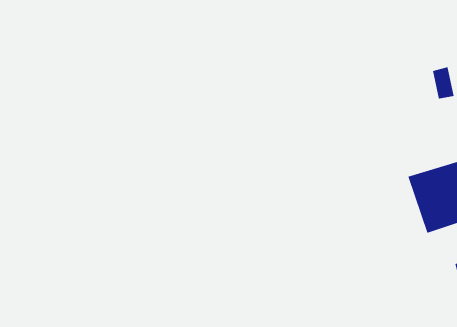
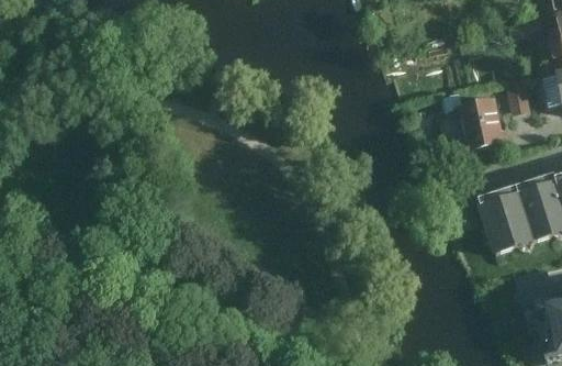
building: none -> [459,97,505,151]

